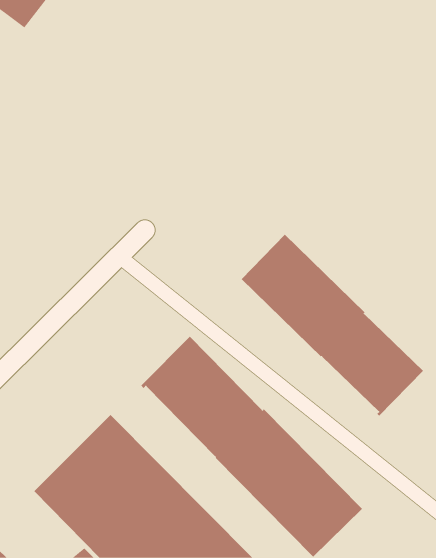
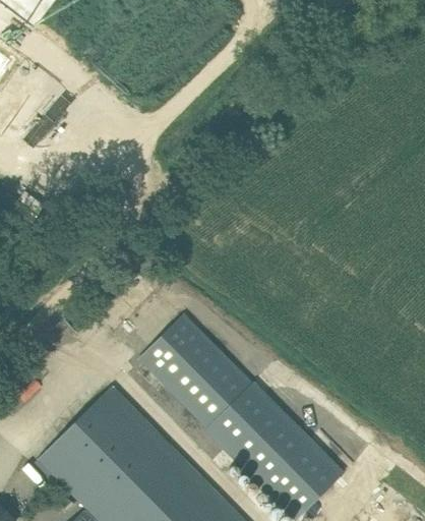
building: [241,234,424,416] -> none

